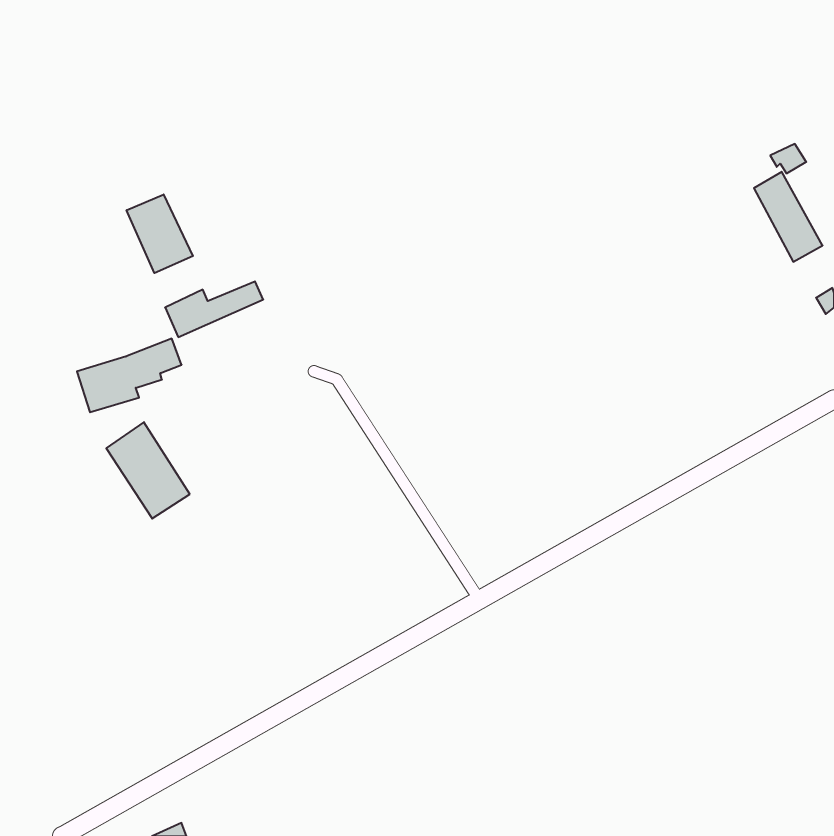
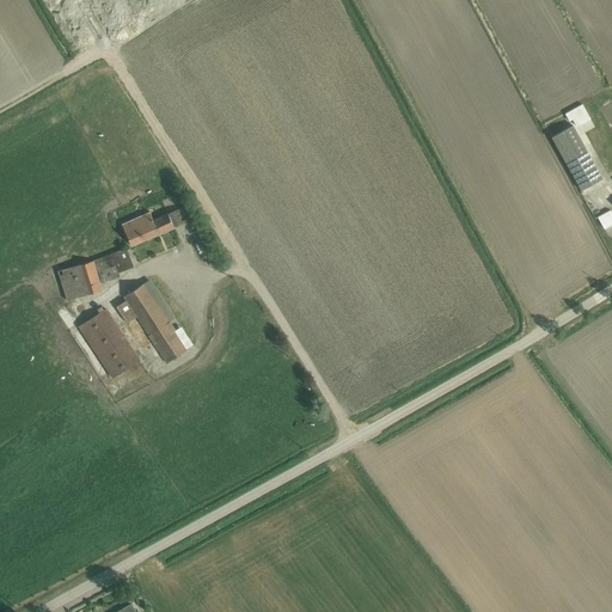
building: [127,194,193,273] -> none
building: none -> [115,279,192,363]

